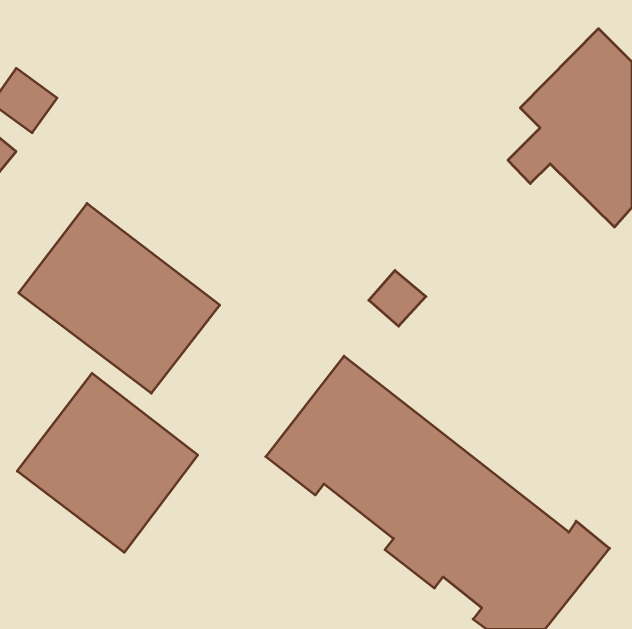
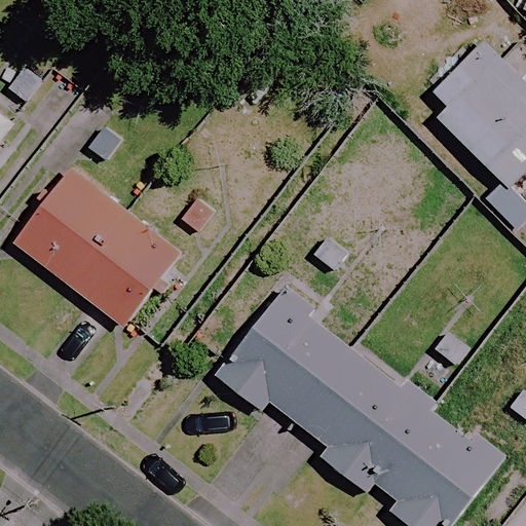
building: [17,373,198,552] -> none

